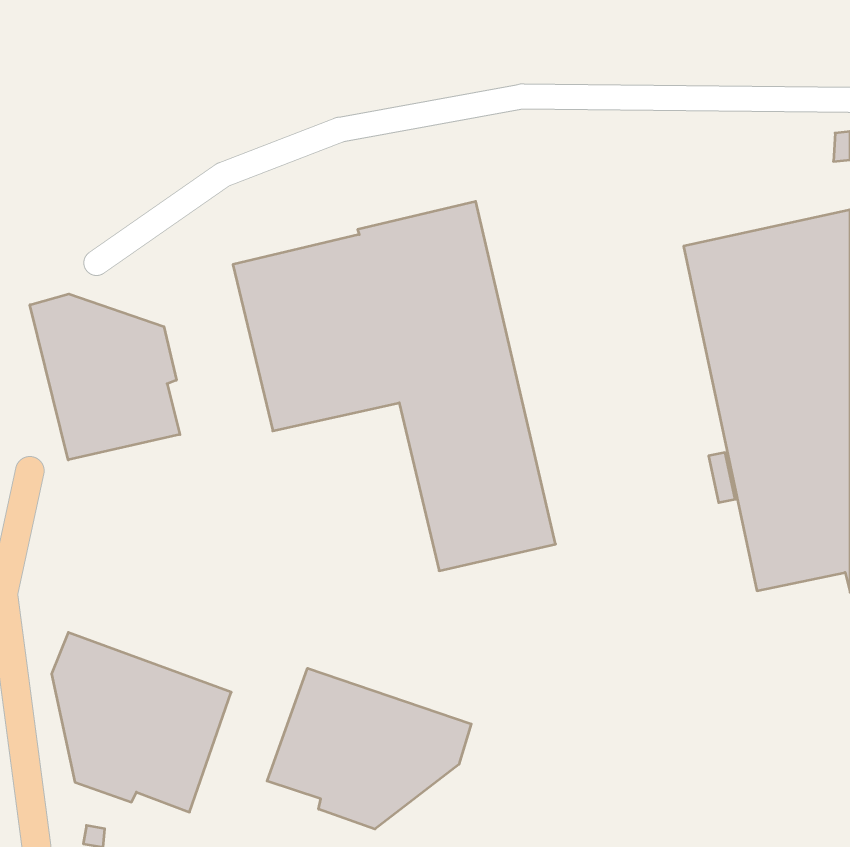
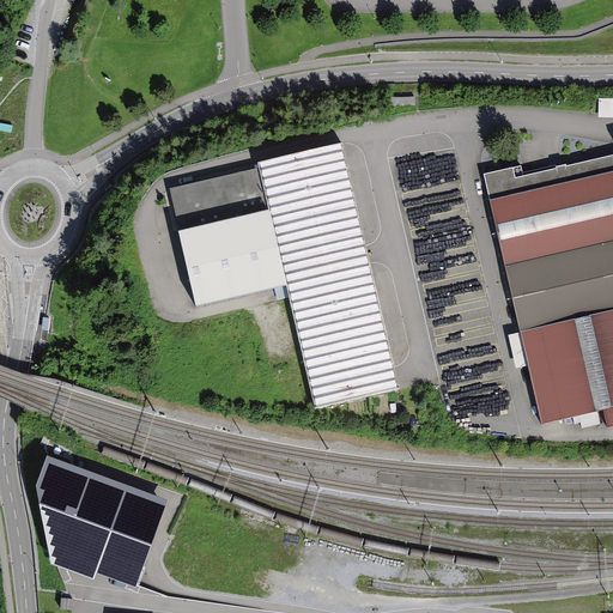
building: [30,294,180,460] -> none
building: [267,668,471,829] -> none

